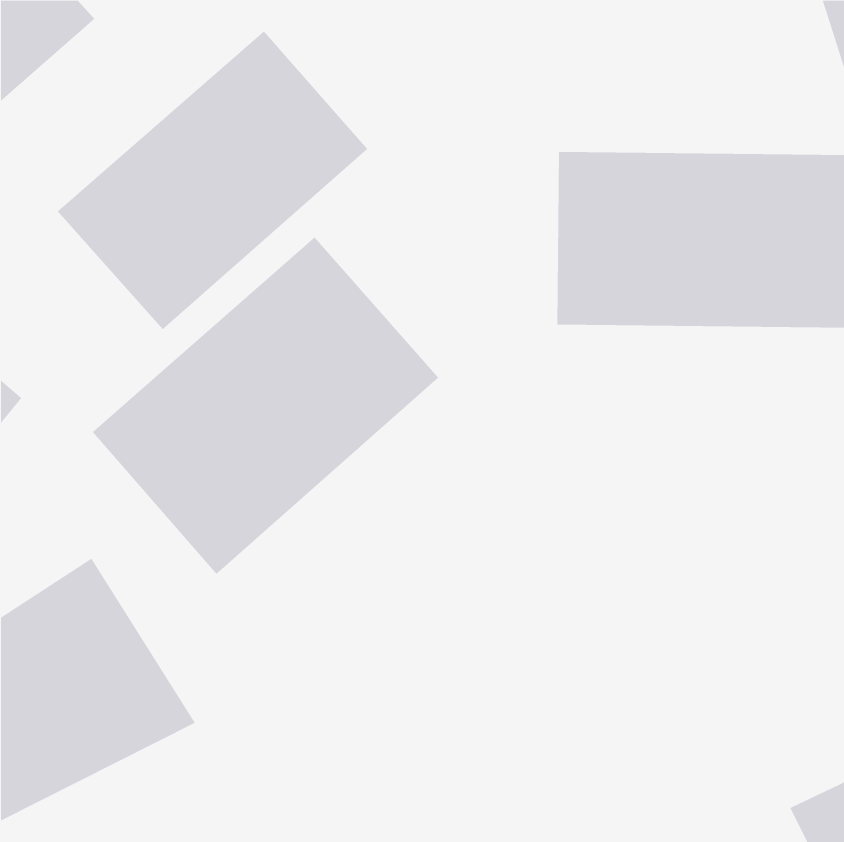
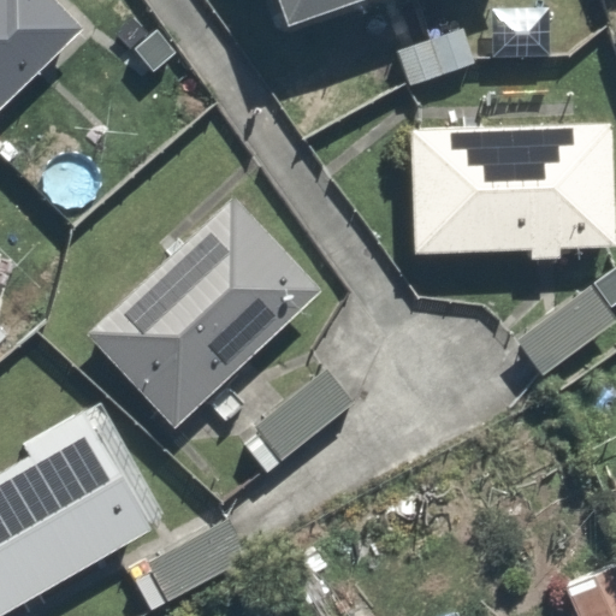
building: [57,31,368,330] -> none

